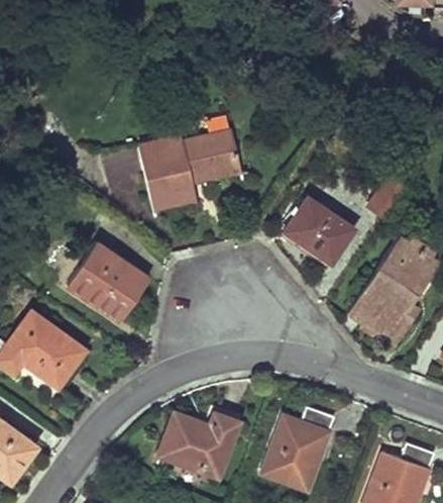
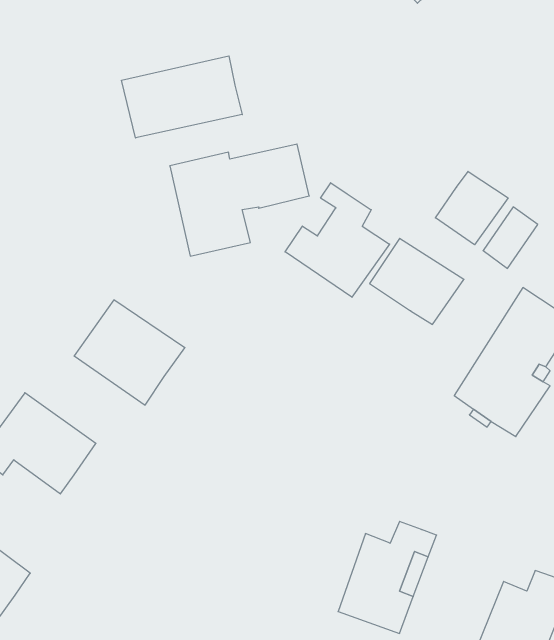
building: none -> [122,56,242,138]
building: none -> [435,171,508,245]
building: none -> [285,183,390,297]
building: [156,412,238,478] -> none

